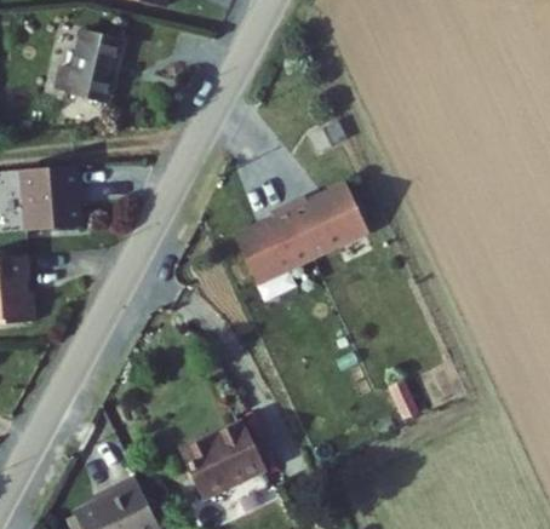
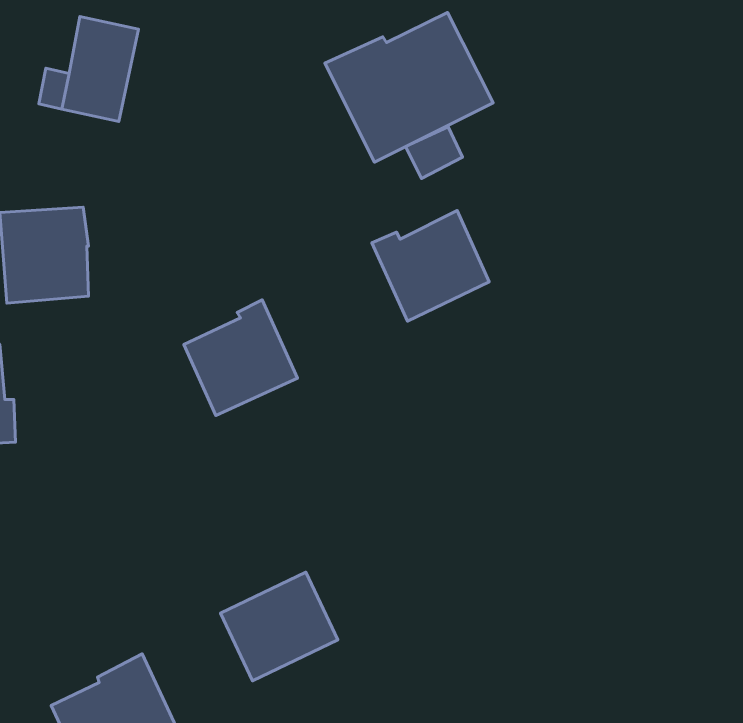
building: none -> [325,13,493,162]
building: [230,196,308,275] -> [184,300,298,416]

